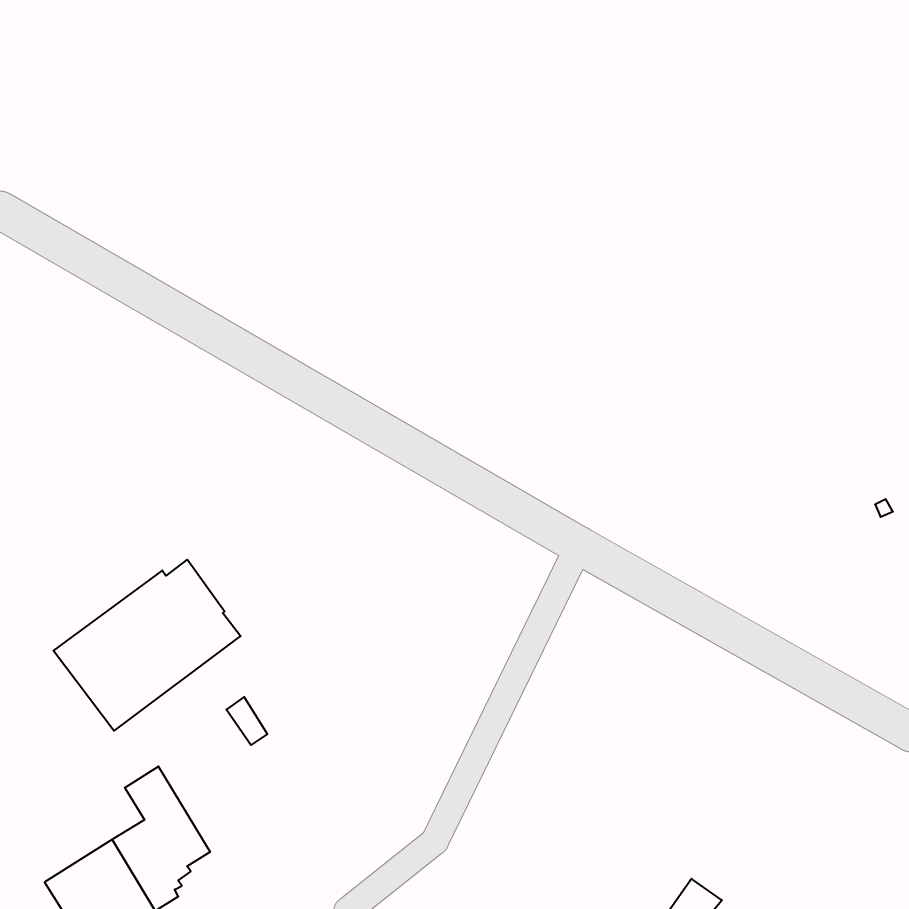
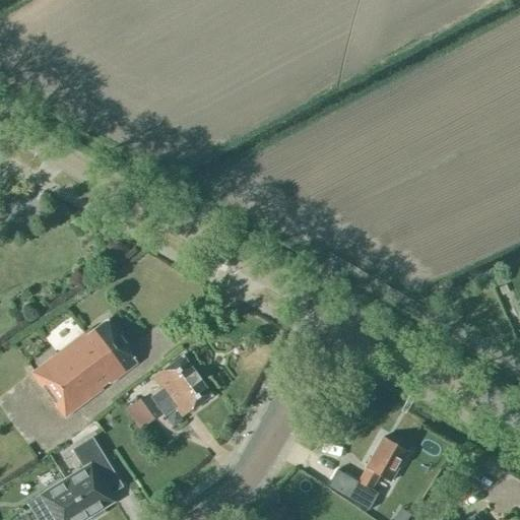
building: none -> [150,356,212,414]
building: none -> [328,438,407,511]

